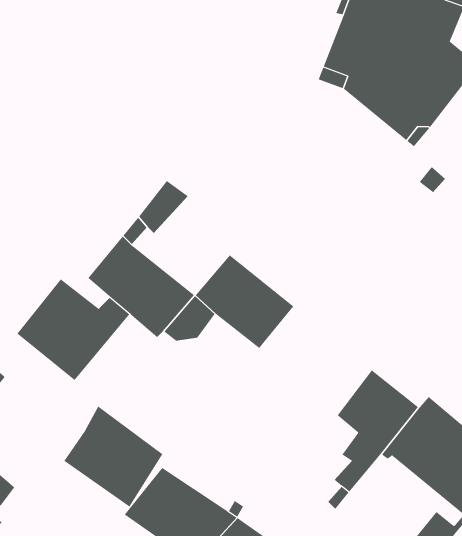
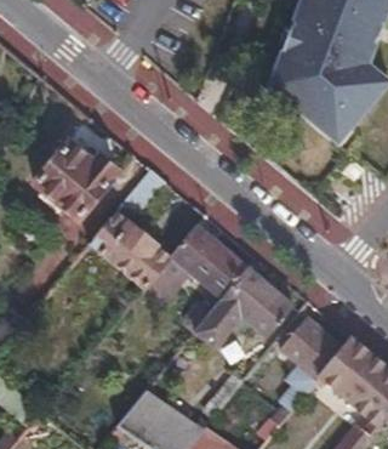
building: [16,278,130,381] -> [32,142,119,221]
building: none -> [194,266,293,351]
building: [63,405,163,508] -> none

